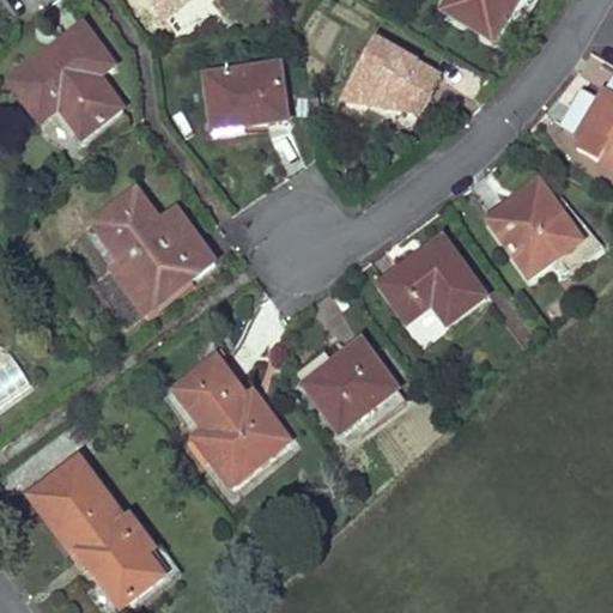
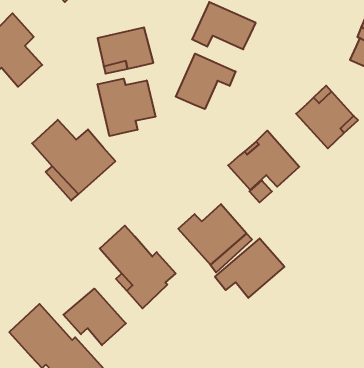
building: none -> [176,54,236,109]
building: none -> [98,79,155,136]
building: none -> [215,238,284,298]
building: none -> [63,289,126,345]

